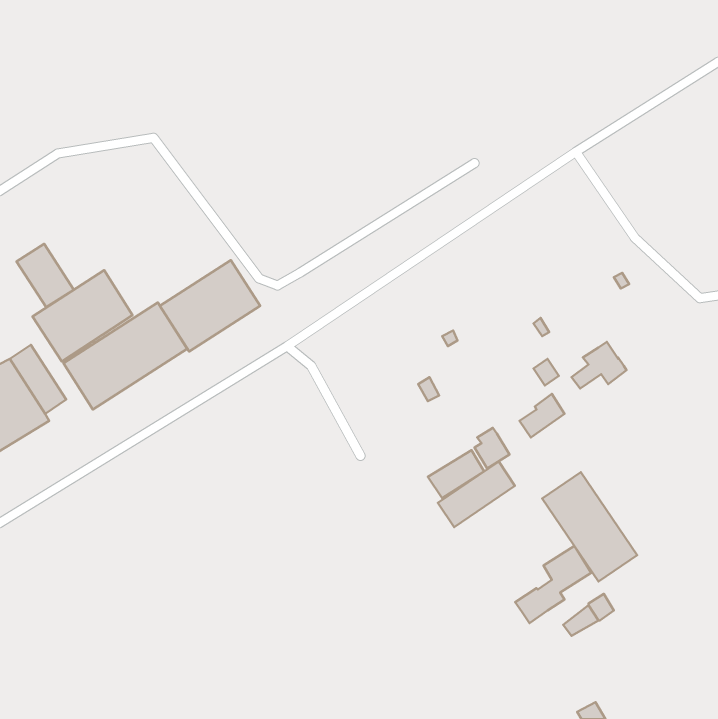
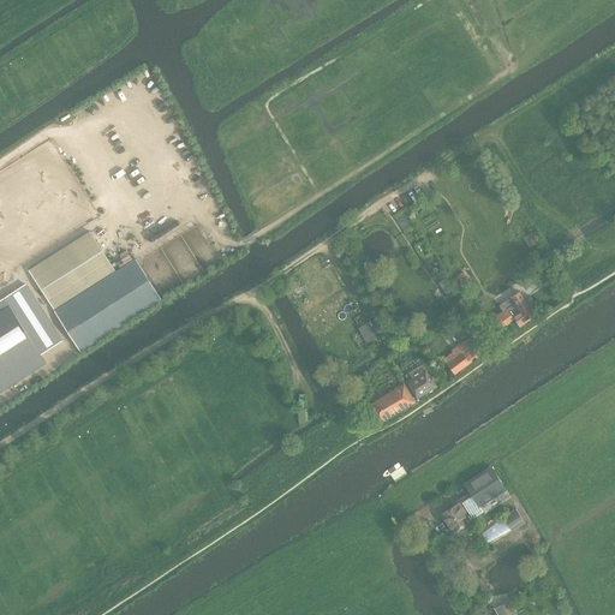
building: [16,244,74,307] -> none
building: [160,260,260,351] -> none
building: [438,461,515,527] -> none
building: [542,472,637,582] -> none

